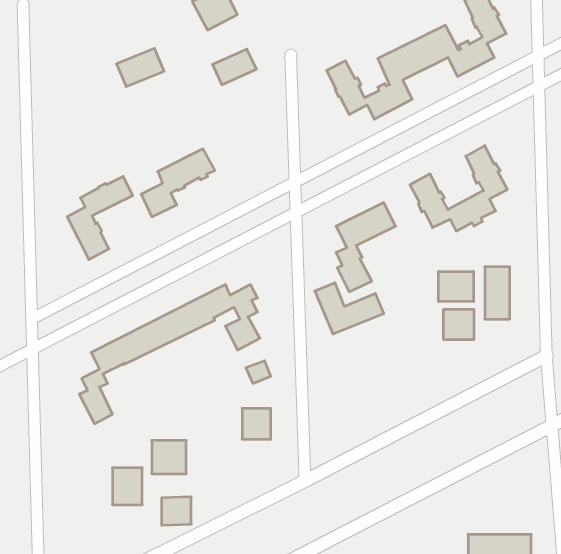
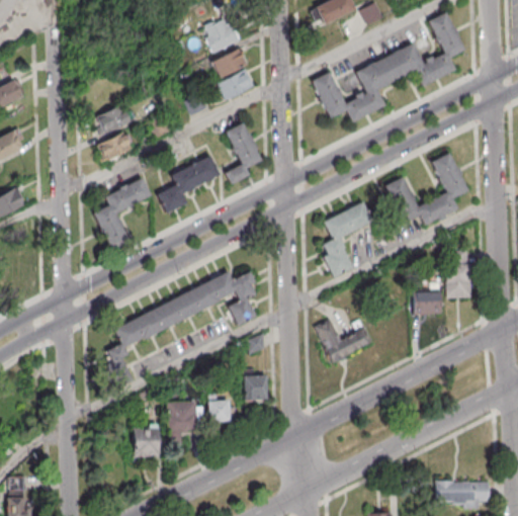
building: none -> [210,47,247,78]
building: [116,48,164,87] -> [91,105,132,138]
building: none -> [225,120,261,182]
building: none -> [97,134,134,162]
building: [439,271,474,302] -> none
building: [315,283,384,334] -> [315,319,373,362]
building: [162,497,191,525] -> [207,400,233,424]

